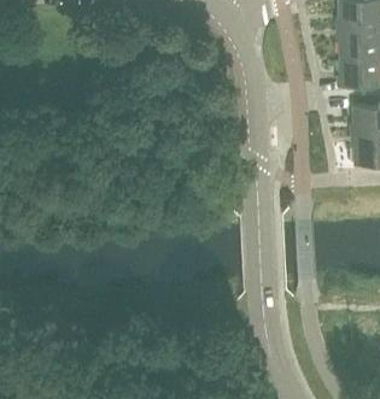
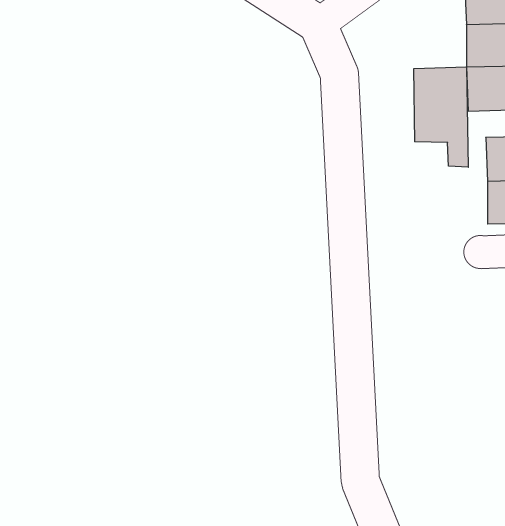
building: none -> [414,67,468,167]

